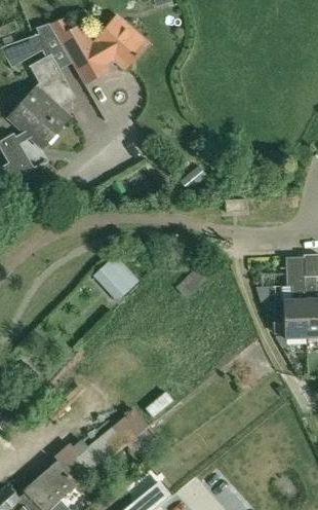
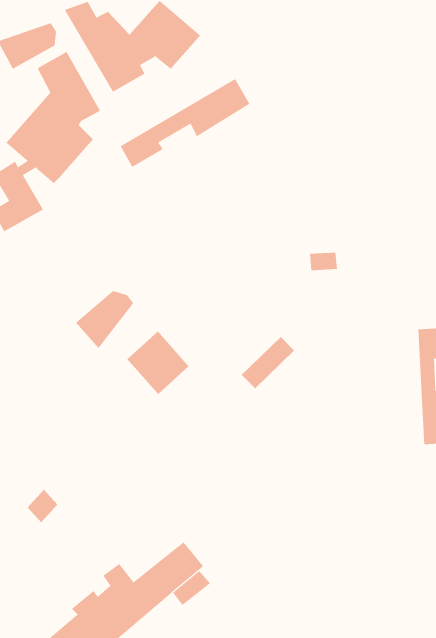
building: none -> [120,78,250,168]
building: none -> [75,290,134,349]
building: [273,255,307,338] -> none

